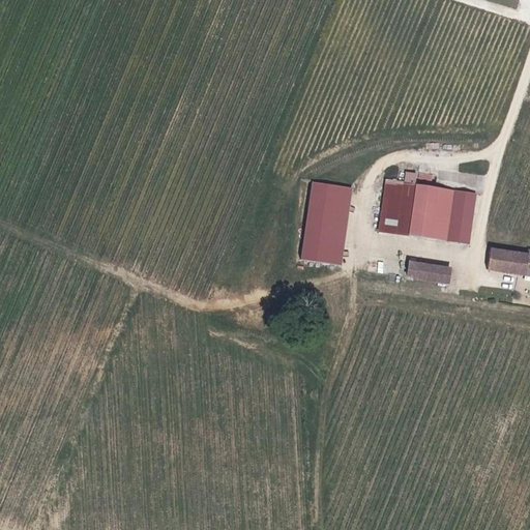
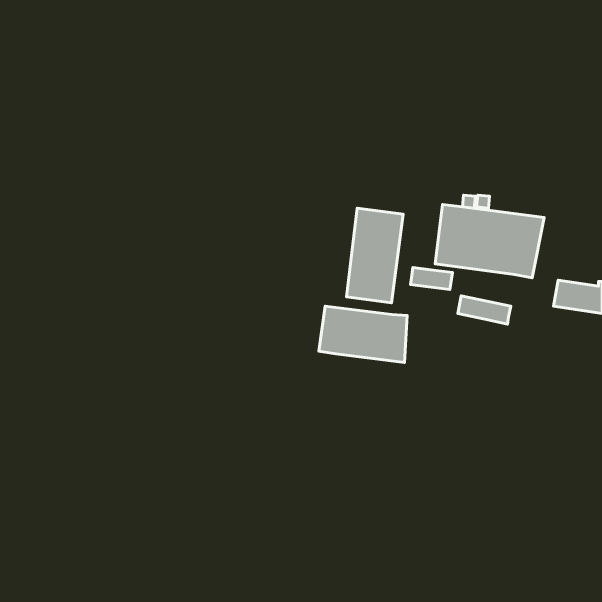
building: none -> [410,267,452,290]
building: none -> [319,306,407,363]

